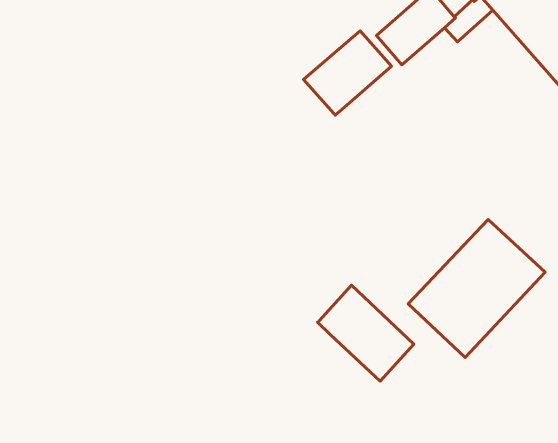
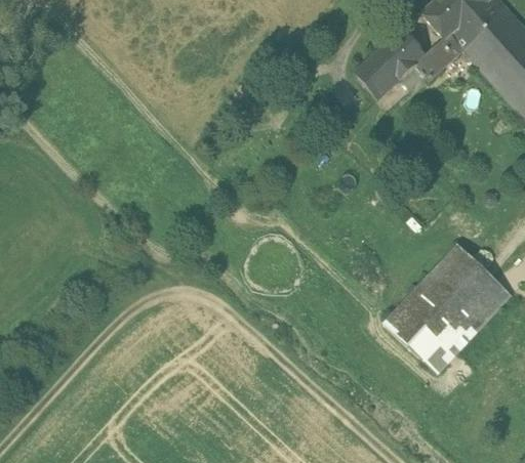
building: [304,31,392,115] -> none
building: [318,285,414,381] -> none

